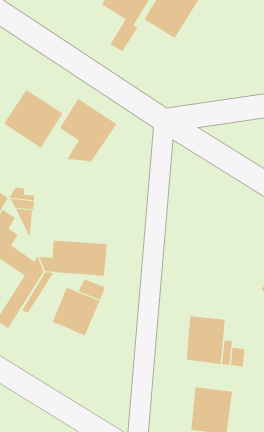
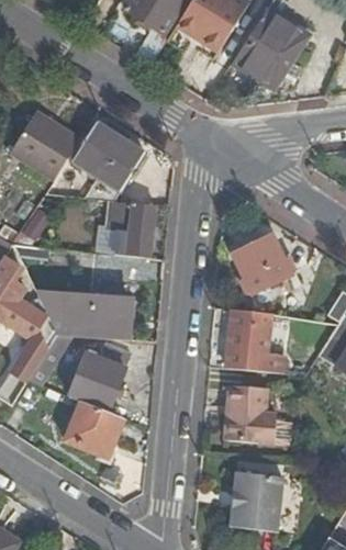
building: none -> [232,8,305,87]
building: none -> [92,198,156,256]
building: none -> [235,234,290,295]
building: none -> [231,311,283,372]
building: none -> [63,400,121,454]

